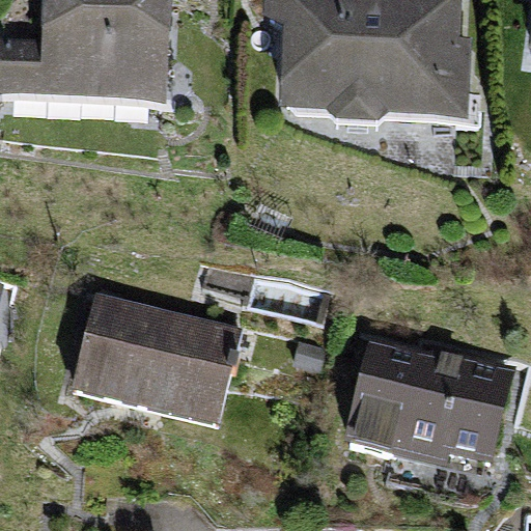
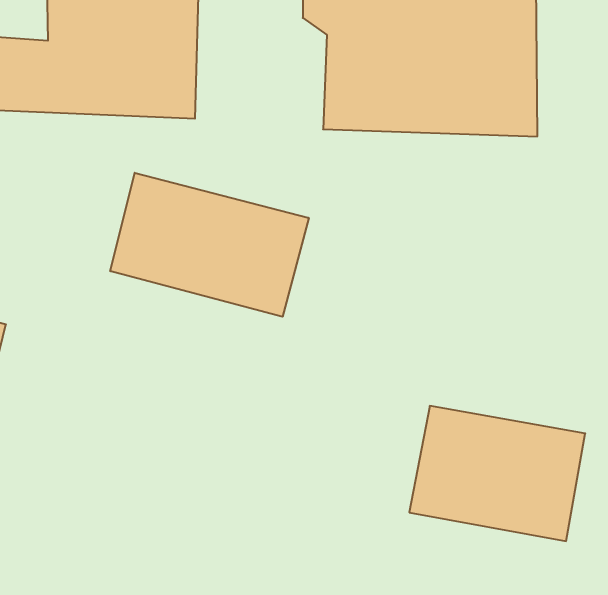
building: none -> [110,173,309,317]
building: [71,287,242,430] -> none

